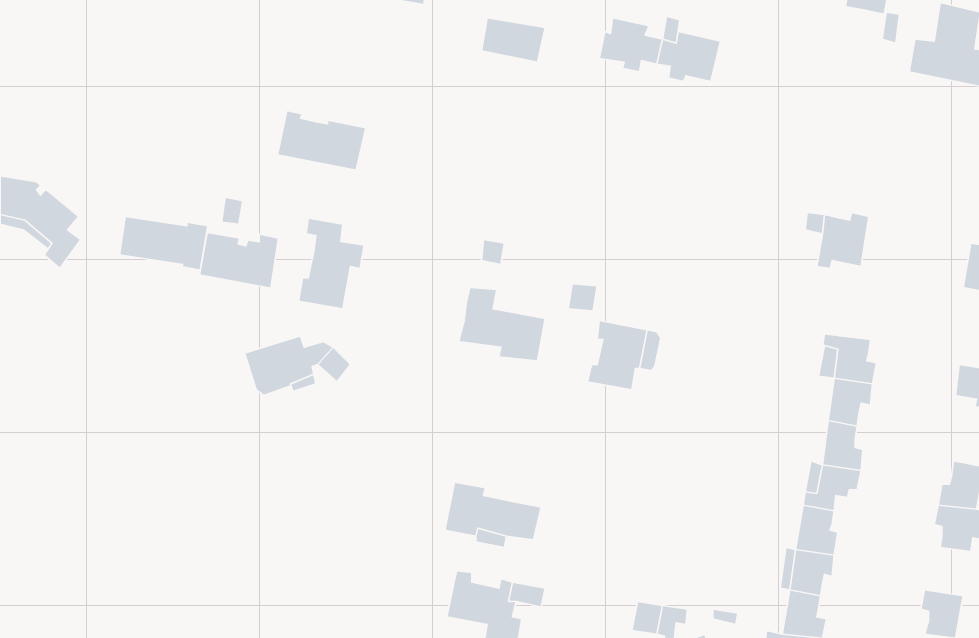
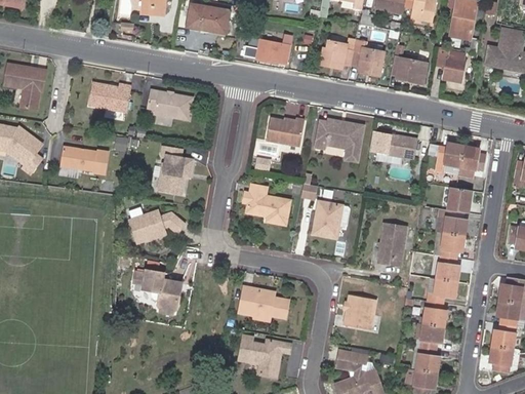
building: none -> [438,46,465,81]
building: none -> [390,57,427,85]
building: none -> [5,62,47,110]
building: none -> [268,117,305,146]
building: none -> [315,118,364,161]
building: none -> [375,131,416,159]
building: none -> [459,146,486,170]
building: [199,232,278,288] -> [89,82,131,112]
building: none -> [447,187,472,211]
building: none -> [376,223,405,265]
building: none -> [134,271,181,312]
building: none -> [342,294,374,329]
building: none -> [492,322,517,348]

